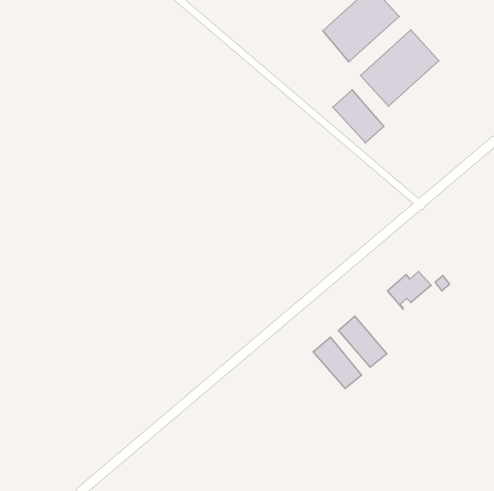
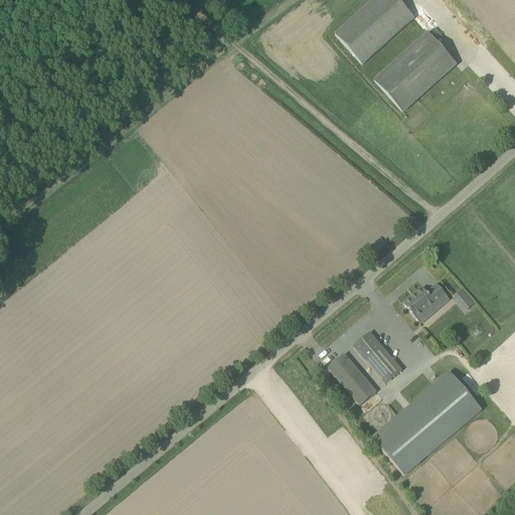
building: [333,90,384,143] -> none
building: none -> [372,370,482,474]

